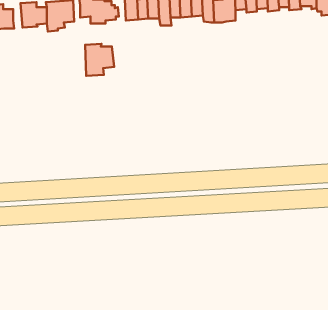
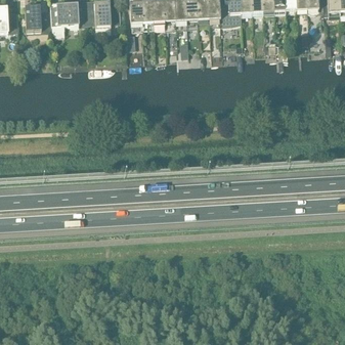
building: [85,44,114,76] -> none

